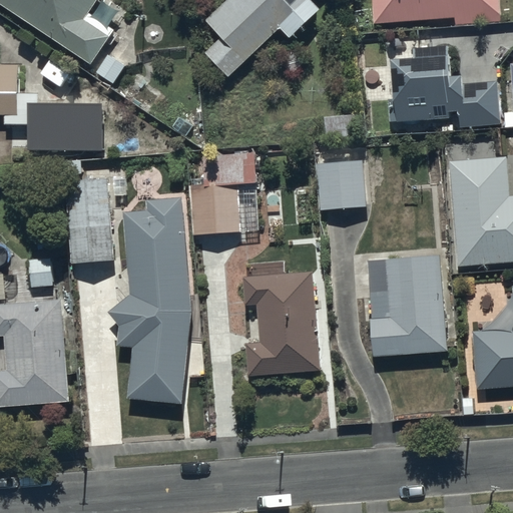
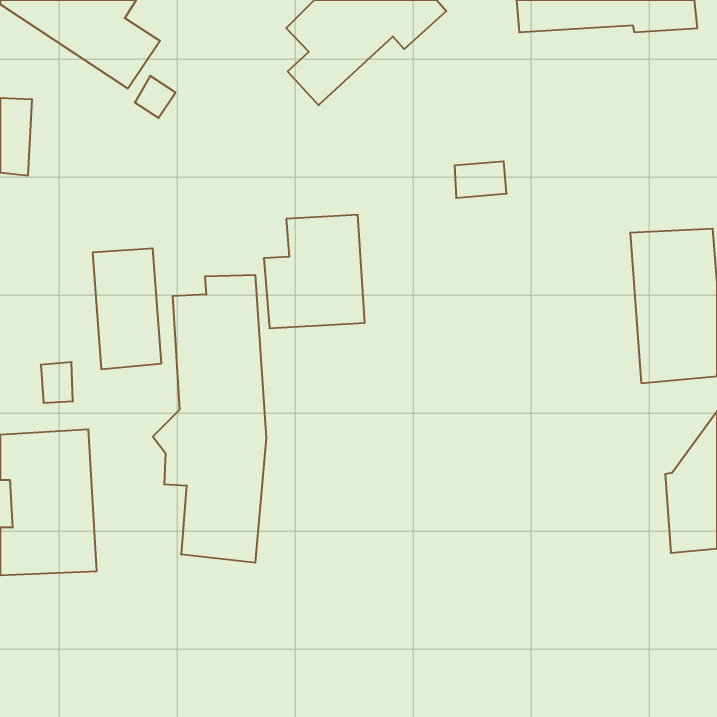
building: [388,45,501,128] -> none
building: [28,103,104,149] -> none
building: [316,159,367,209] -> none
building: [366,253,447,356] -> none
building: [244,271,321,376] -> none

